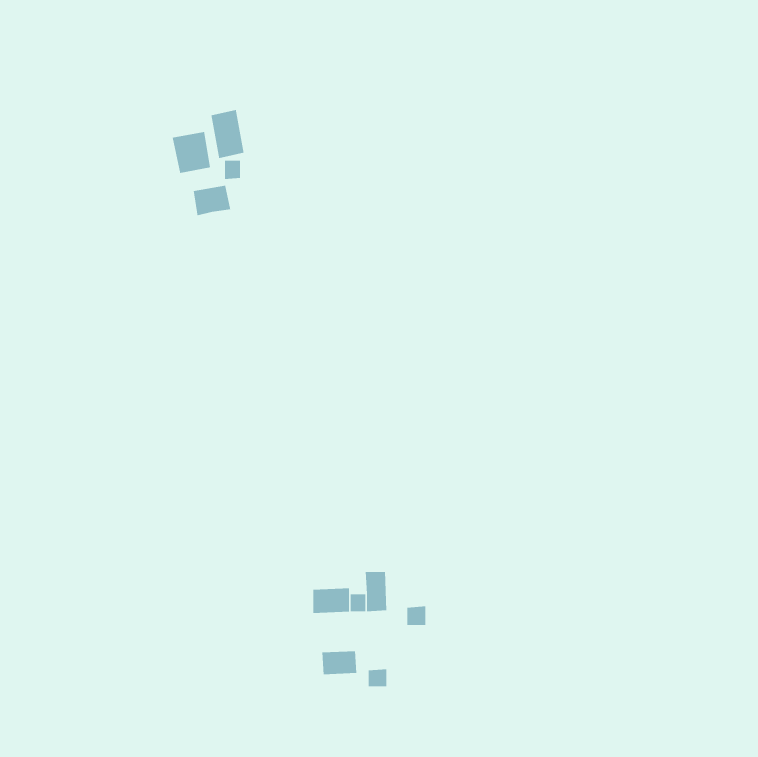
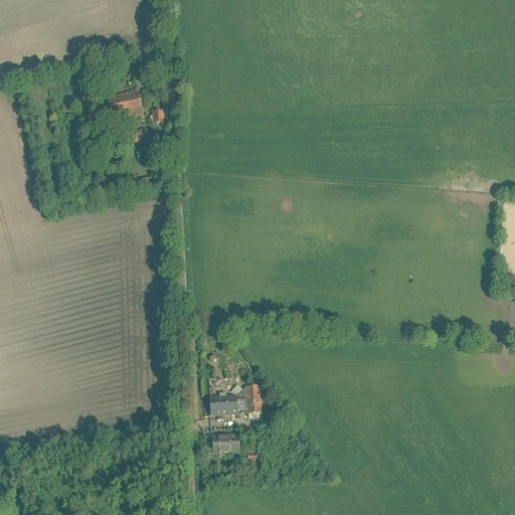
building: [211,109,244,159] -> none
building: [193,185,231,216] -> none

